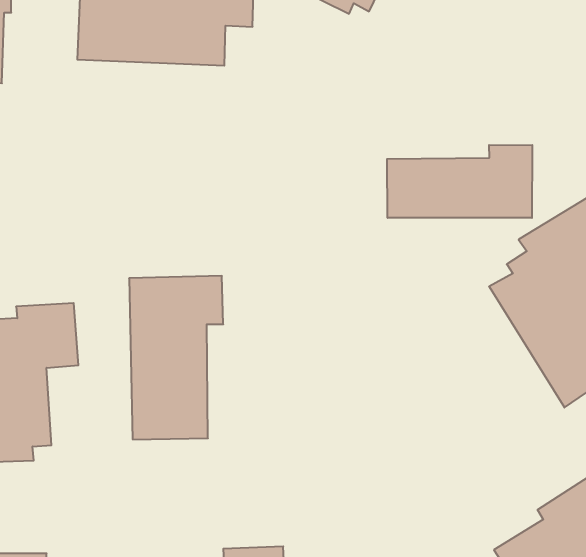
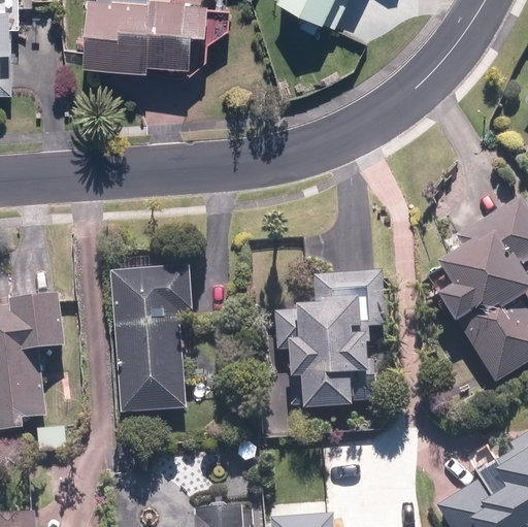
building: [387,145,532,218] -> none
building: none -> [274,270,383,402]

